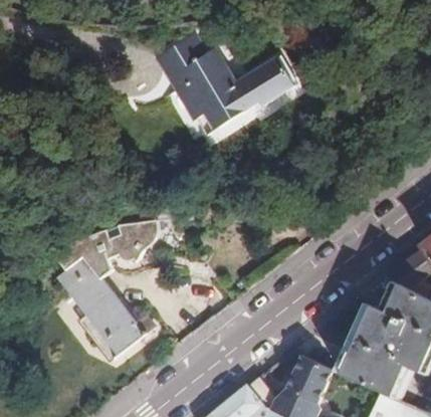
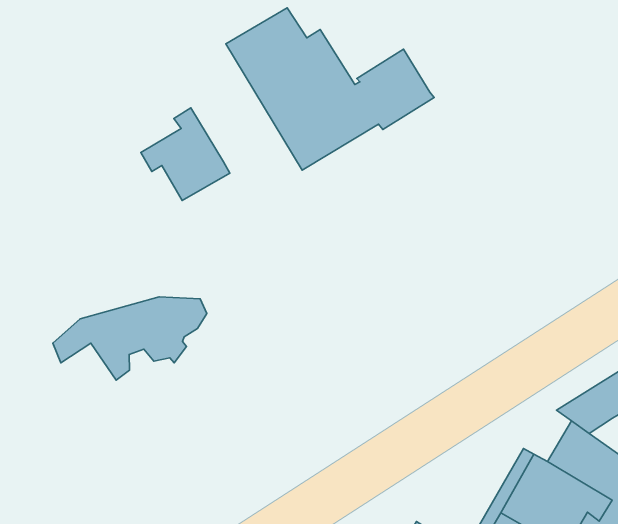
building: none -> [141,108,230,201]
building: [58,257,155,364] -> none

